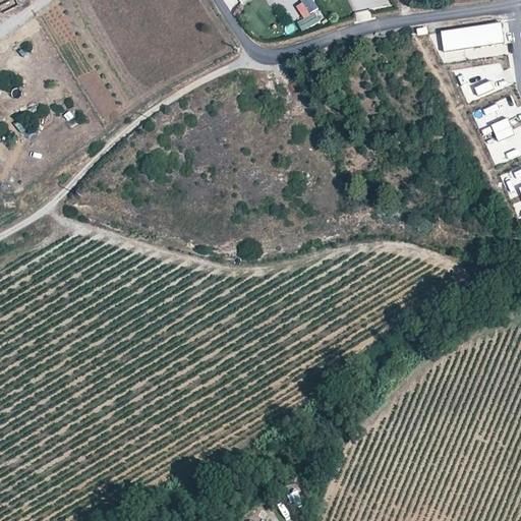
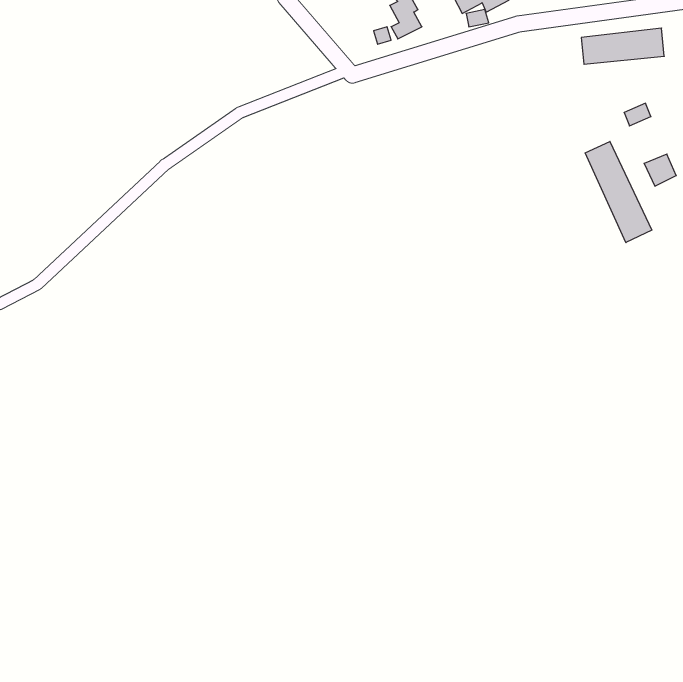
building: none -> [585,141,652,243]

